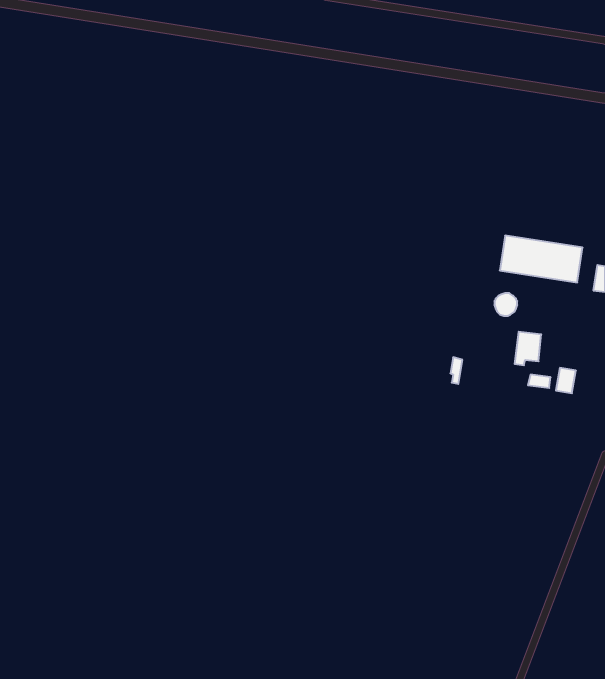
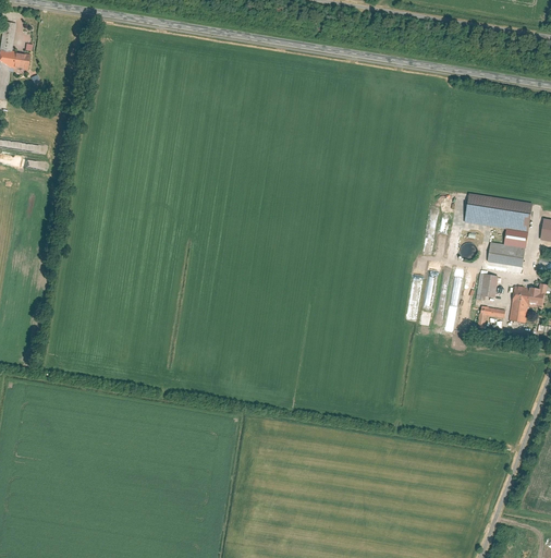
building: none -> [486,241,525,268]
building: none -> [511,286,544,306]

